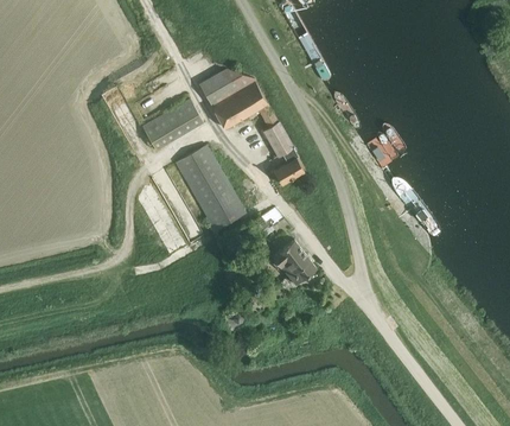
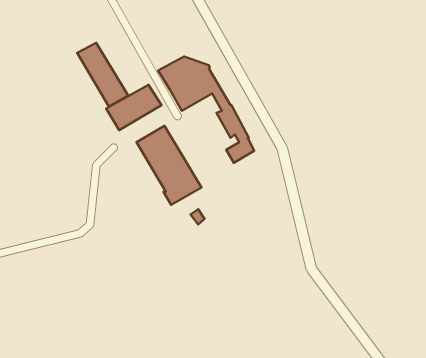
building: none -> [77,43,128,107]
building: [272,239,315,284] -> none

